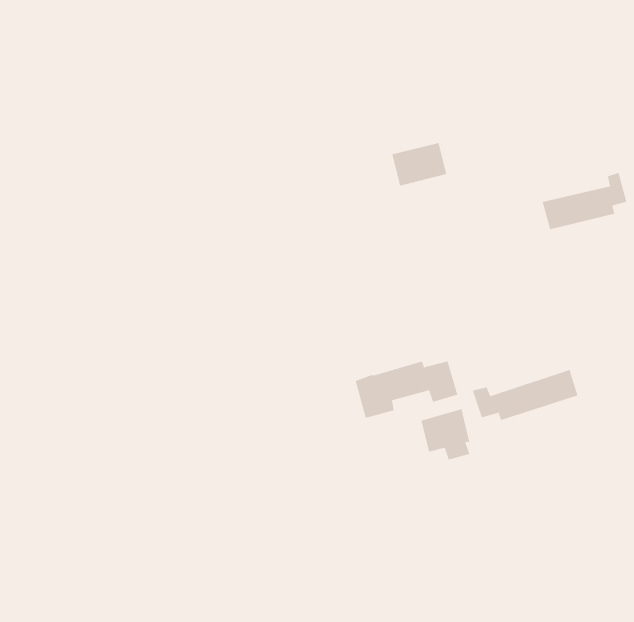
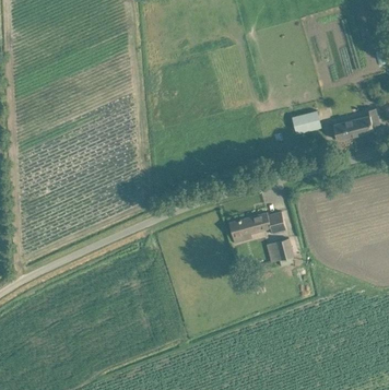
building: [392,142,447,186] -> [290,110,320,134]
building: [472,369,578,421] -> none

